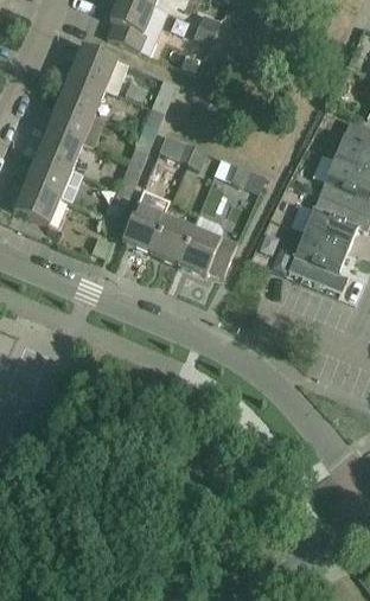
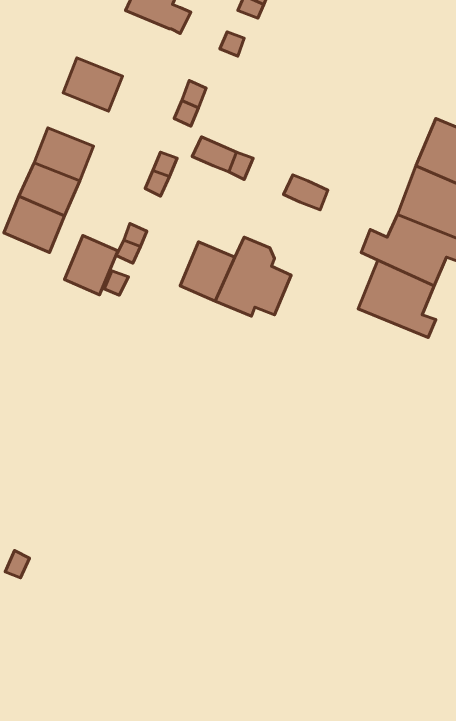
building: [69,45,128,94] -> none
building: [46,101,94,142] -> none
building: [122,205,164,251] -> [65,236,118,295]

